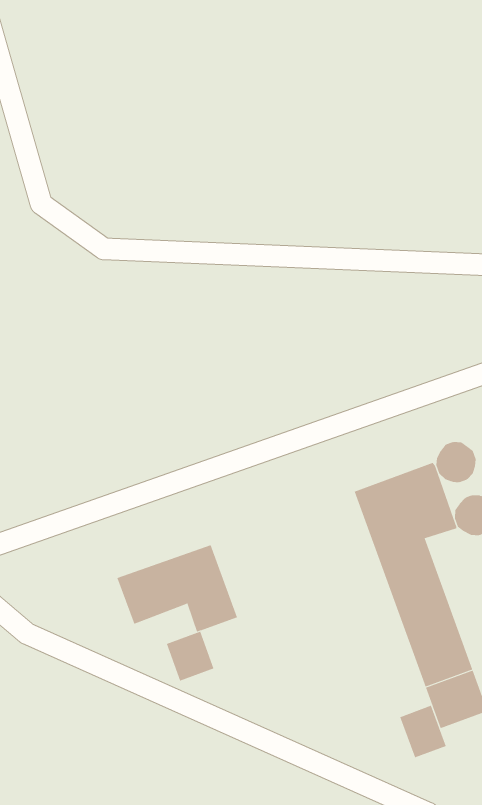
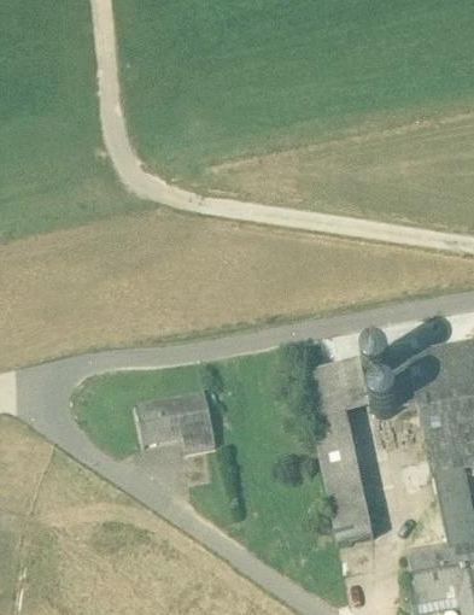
building: [166,631,214,681] -> none
building: [399,705,446,758] -> none

